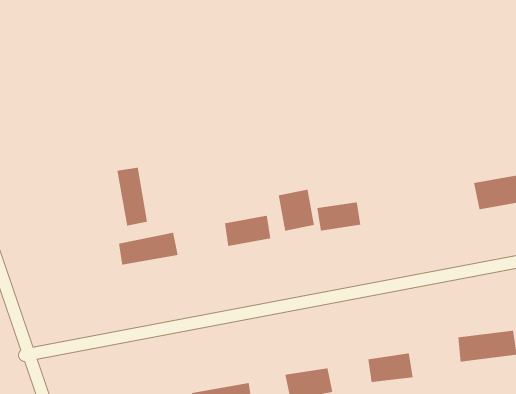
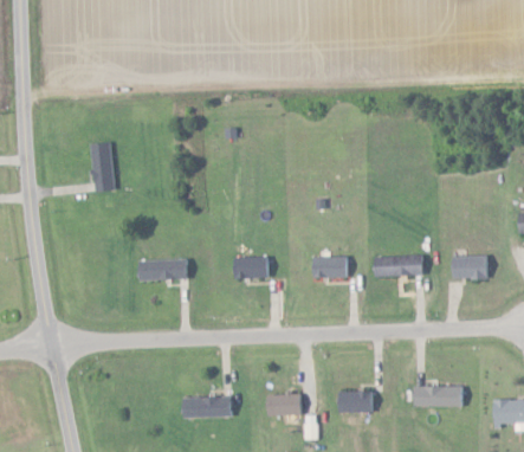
building: [117,167,148,226] -> [92,143,112,192]
building: none -> [374,254,425,277]
building: [278,189,314,232] -> none

